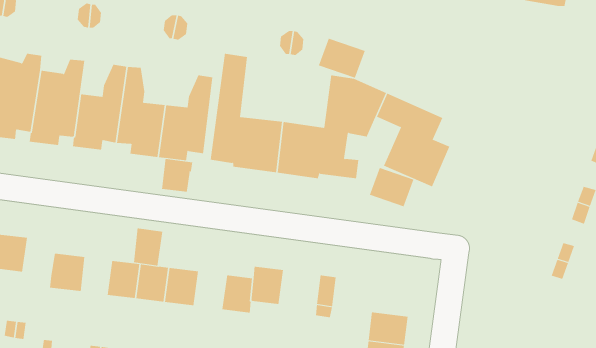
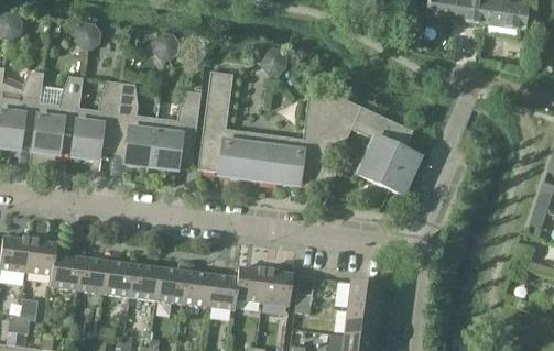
building: [318,38,365,79] -> none
building: [162,158,193,192] -> none
building: [369,167,414,207] -> none
building: [133,228,163,266] -> [79,257,107,293]
building: none -> [25,240,56,275]
building: none -> [261,270,292,306]
building: none -> [183,271,213,306]
building: none -> [346,281,383,312]

